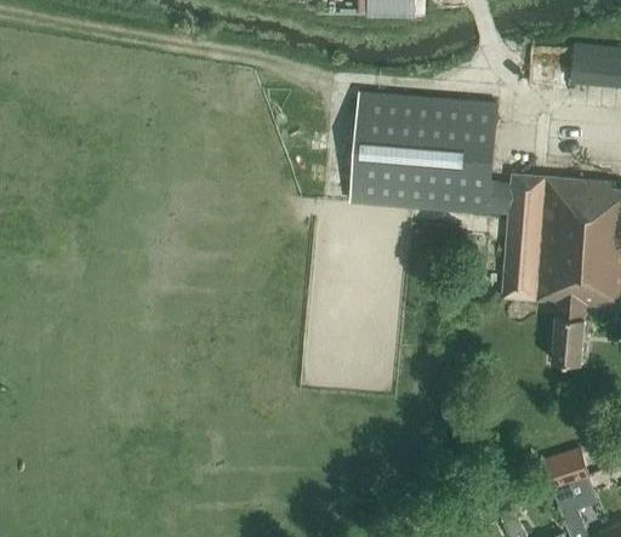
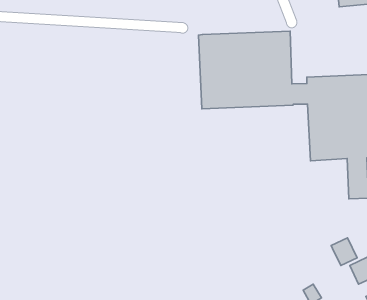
building: none -> [331,238,357,266]

